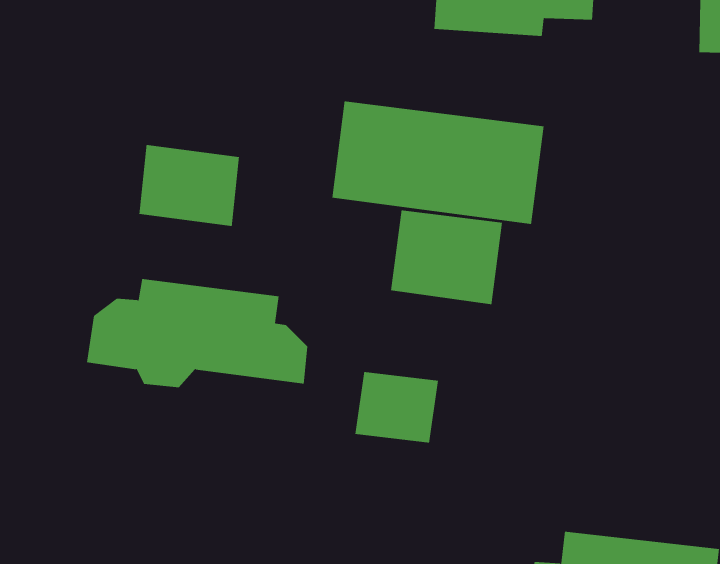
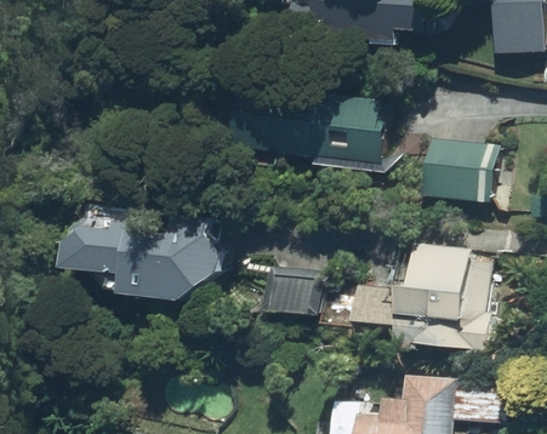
building: [139,144,239,227] -> none
building: [390,210,503,305] -> [417,141,494,205]
building: none -> [355,242,485,355]

